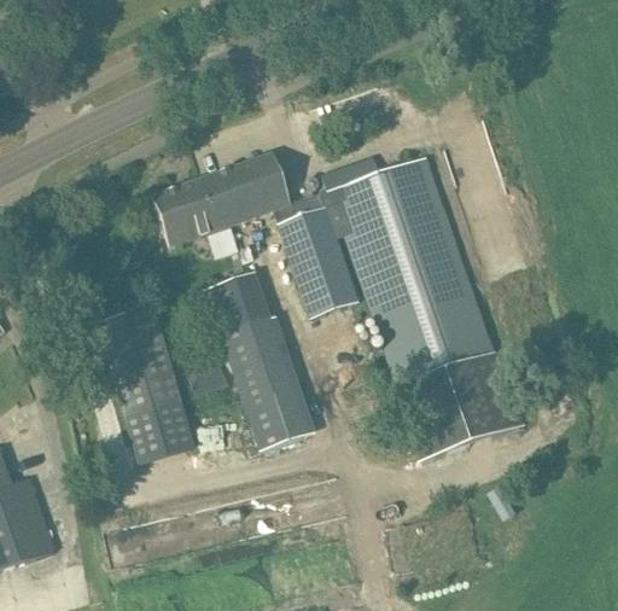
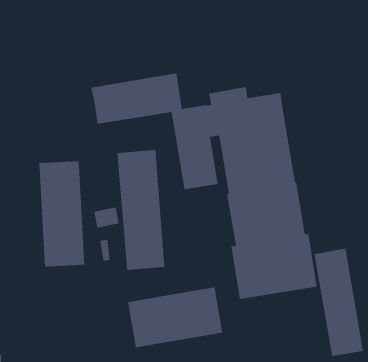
building: none -> [314,248,364,357]
building: none -> [127,287,223,348]

